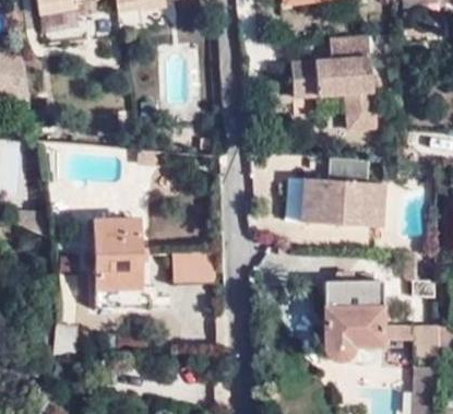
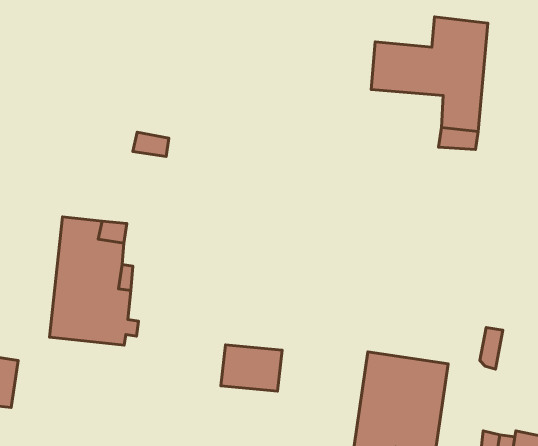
building: [299,161,382,228] -> none
building: [171,250,213,282] -> [221,345,282,391]

